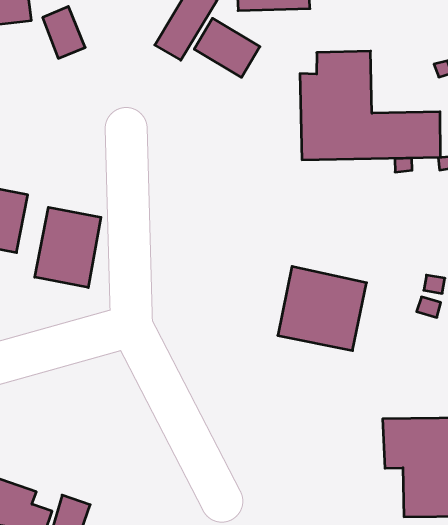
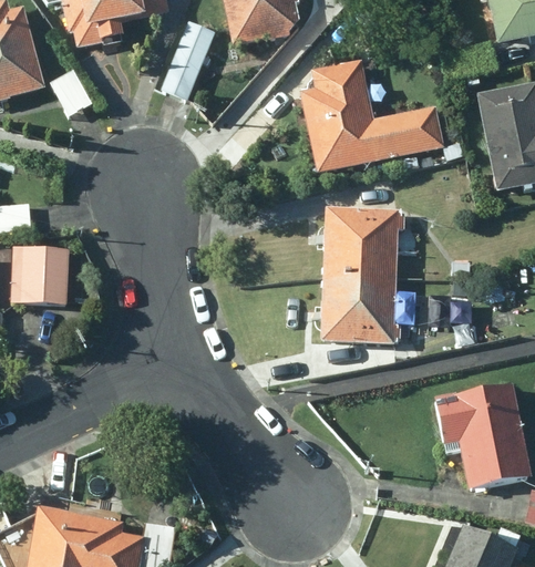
building: [194,18,260,77] -> none
building: none -> [325,207,398,276]
building: [35,207,101,288] -> none

